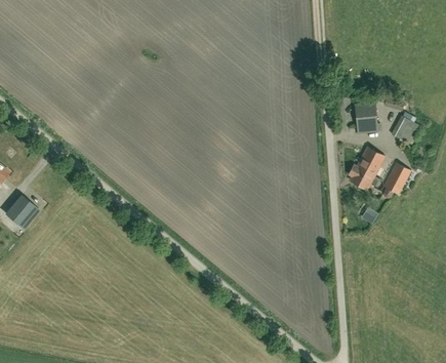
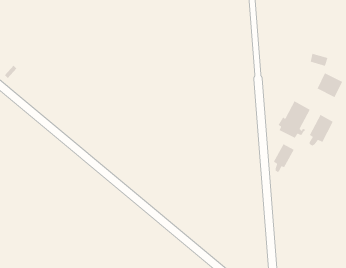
building: [355,103,377,133] -> none
building: none -> [273,143,295,173]

